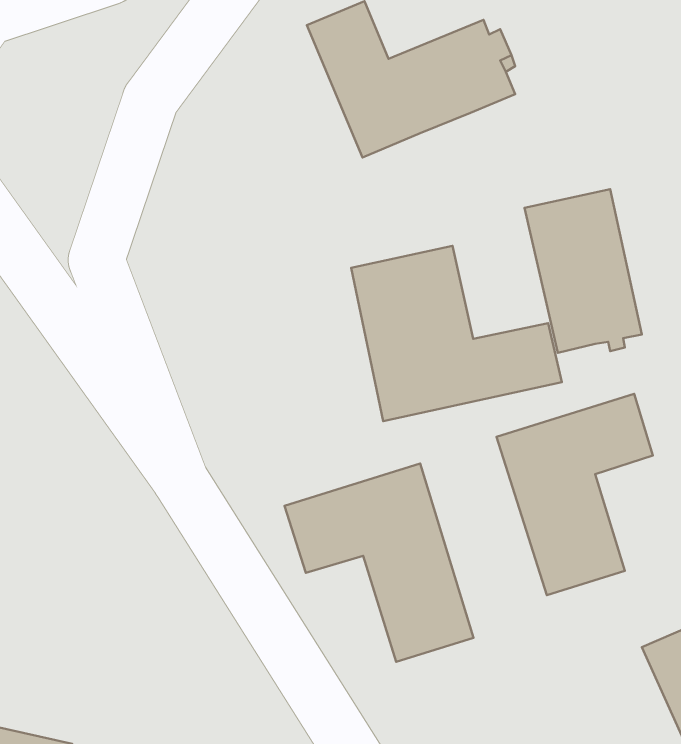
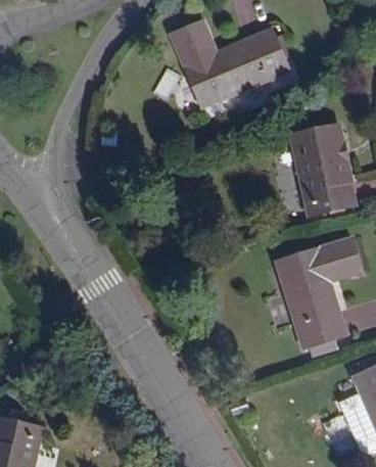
building: [351,246,562,421] -> none
building: [284,463,473,662] -> none

